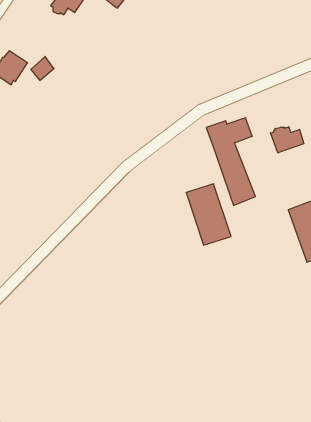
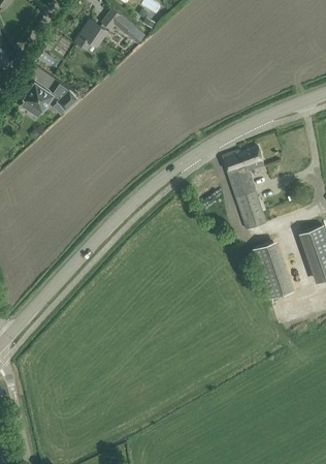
building: [271,127,304,153] -> none
building: [186,184,231,245] -> [251,241,293,299]

